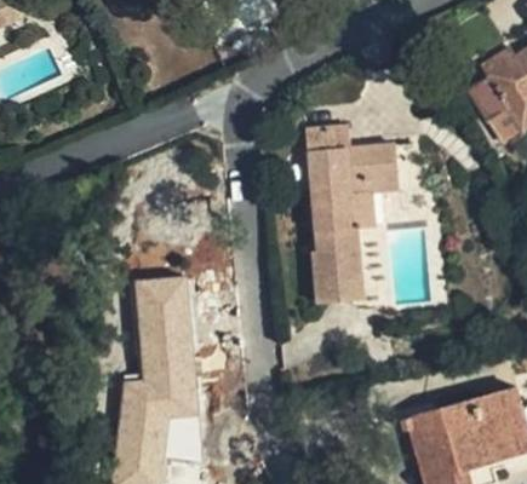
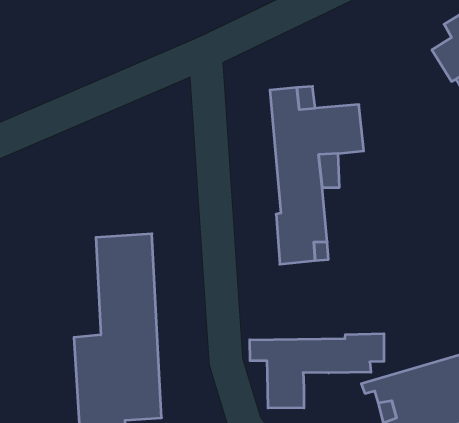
building: none -> [250,334,384,408]

